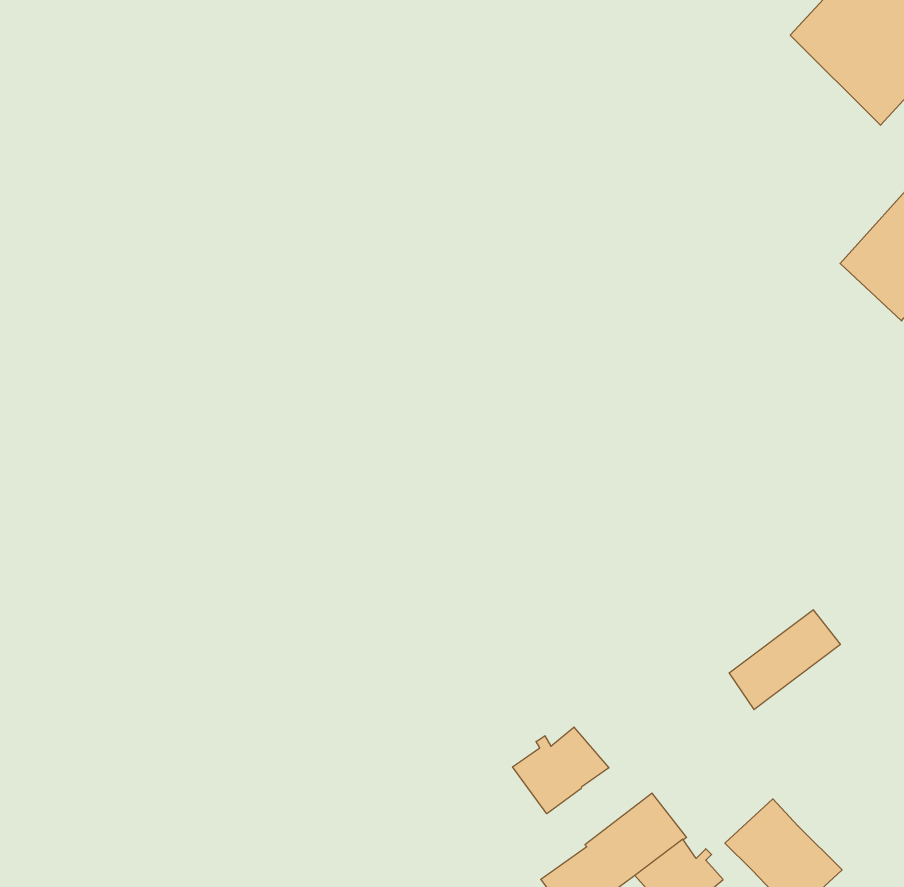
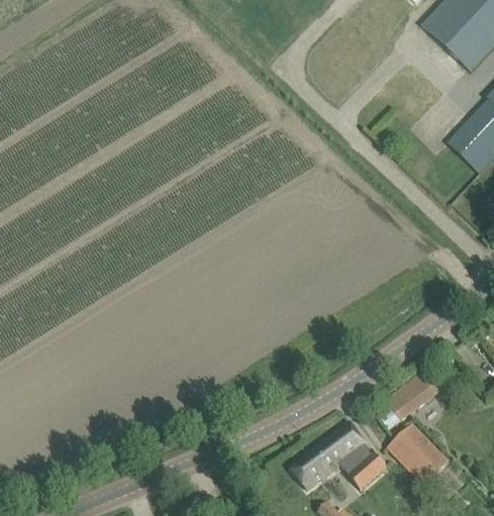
building: [729,610,840,710] -> [387,368,446,420]
building: [513,727,609,814] -> none

